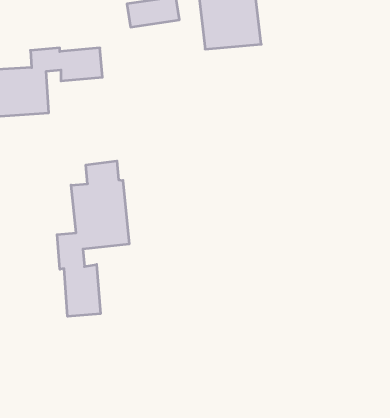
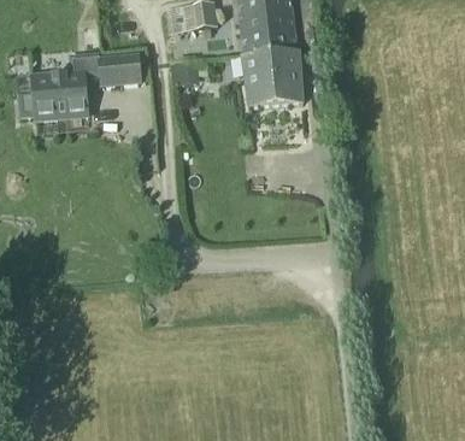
building: none -> [240,47,302,104]
building: [57,161,129,316] -> none

